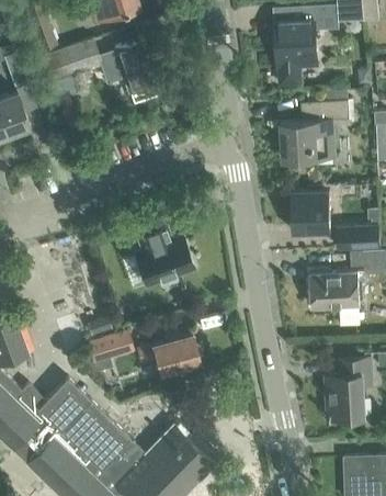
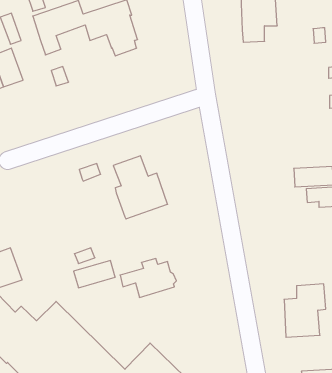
building: [281,101,349,161] -> none
building: [293,192,330,233] -> none
building: [309,272,364,326] -> none

